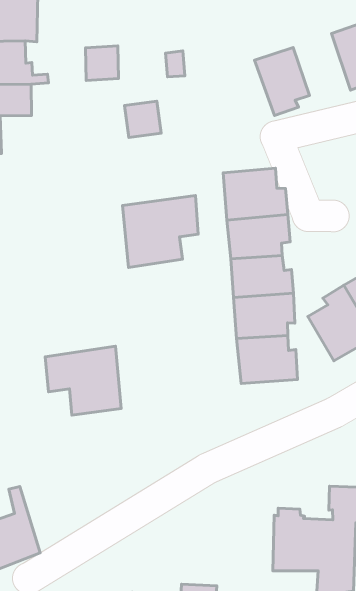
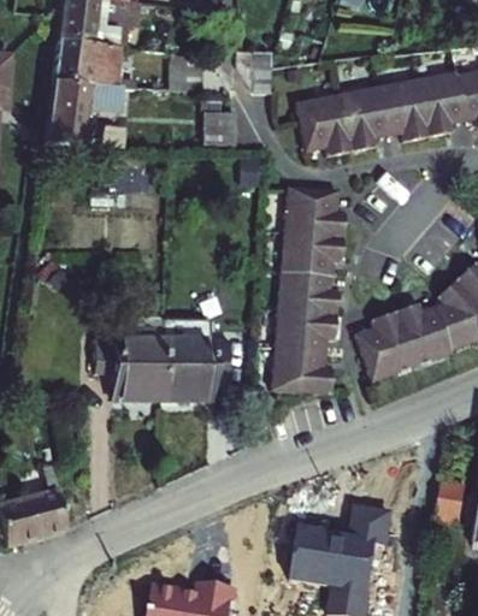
building: none -> [372,75,421,136]
building: none -> [293,90,346,152]
building: [122,196,198,268] -> [161,345,235,405]

